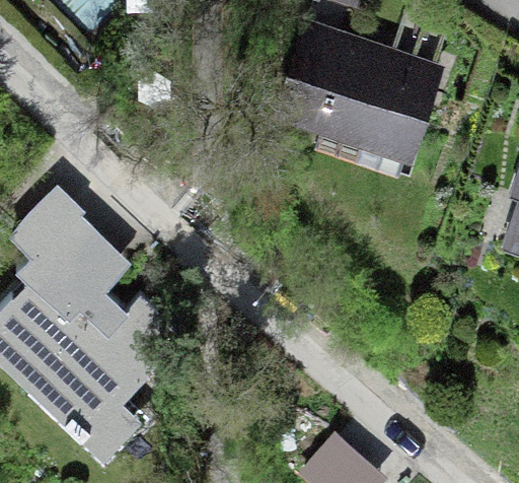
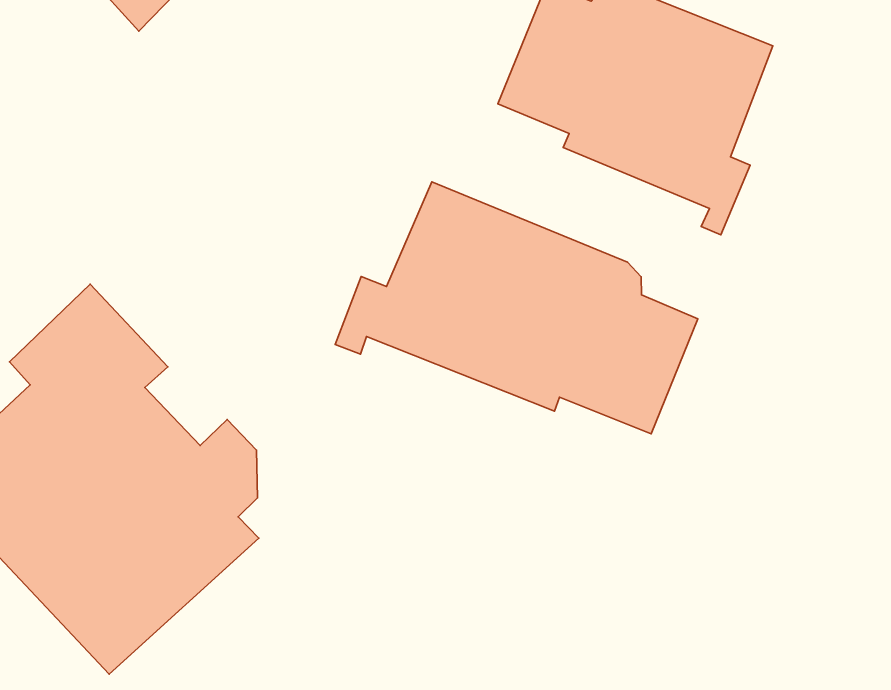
building: none -> [335,182,698,434]

